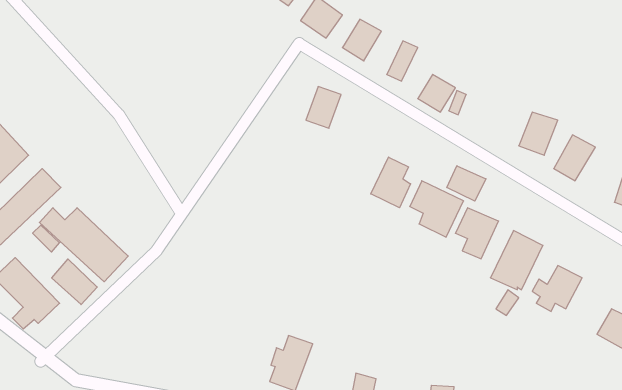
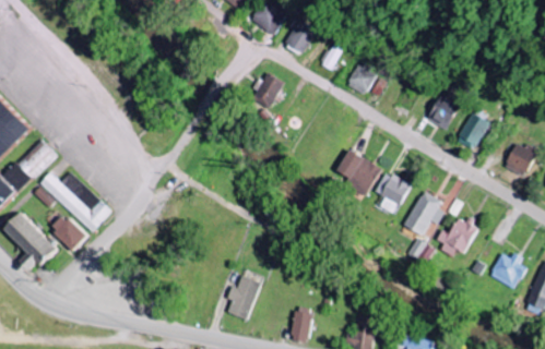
building: [371,157,411,208] -> none
building: [447,166,486,201] -> none

